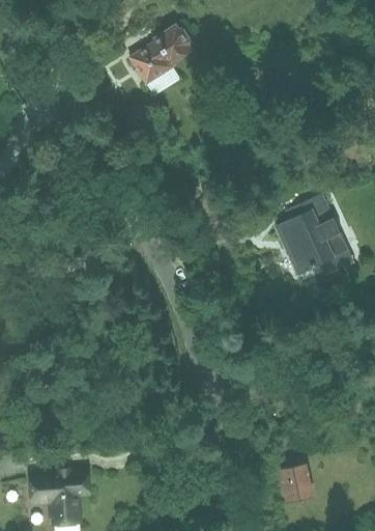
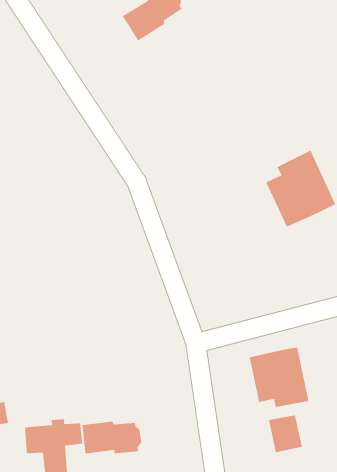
building: none -> [249,347,310,408]
building: none -> [82,421,142,454]

